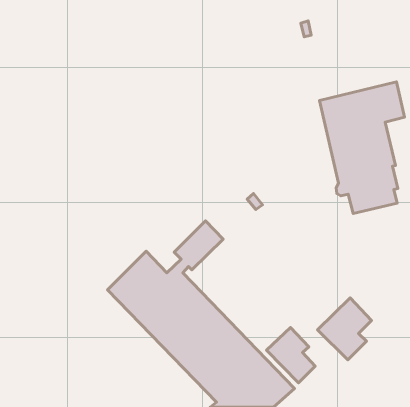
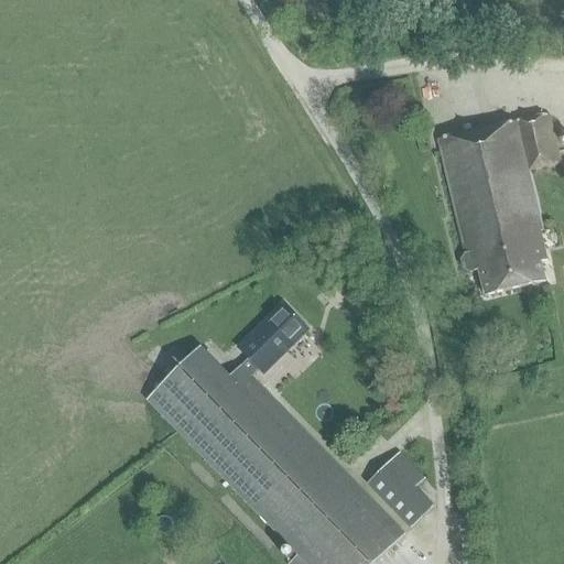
building: [317,298,371,360] -> none

